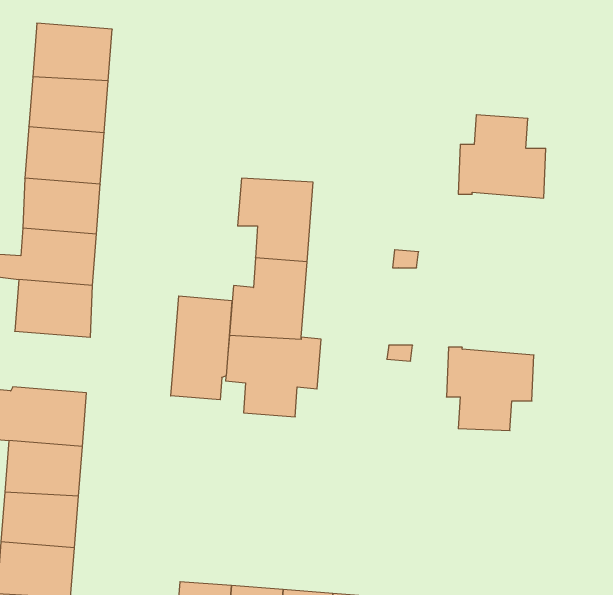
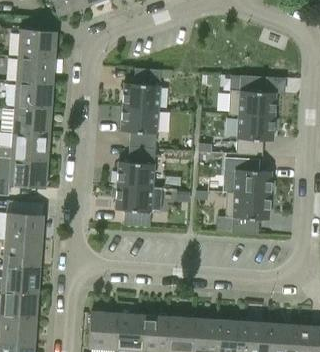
building: none -> [123,68,162,109]
building: none -> [237,114,275,156]
building: [171,296,232,400] -> none
building: none -> [234,169,274,196]

